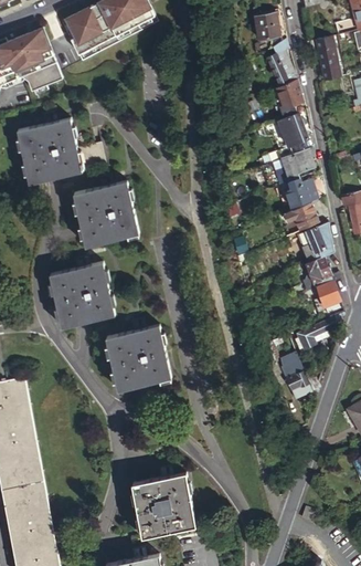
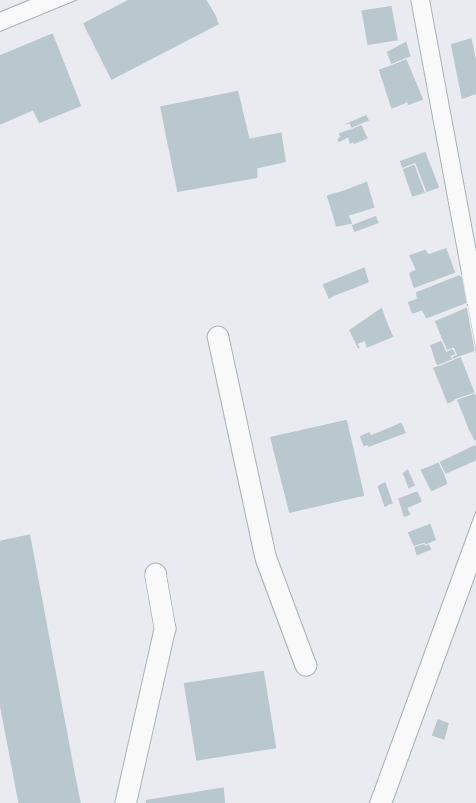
building: [278,80,305,117] -> none
building: [18,109,106,180] -> [159,90,287,193]
building: [280,148,315,180] -> [326,181,376,227]
building: [71,182,136,245] -> none
building: none -> [348,306,394,349]
building: [47,261,113,326] -> none
building: [104,324,170,389] -> [269,419,365,514]

